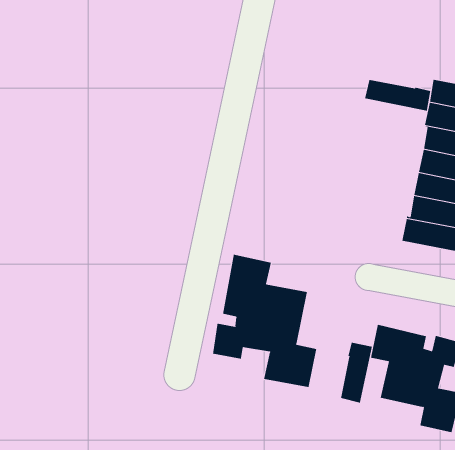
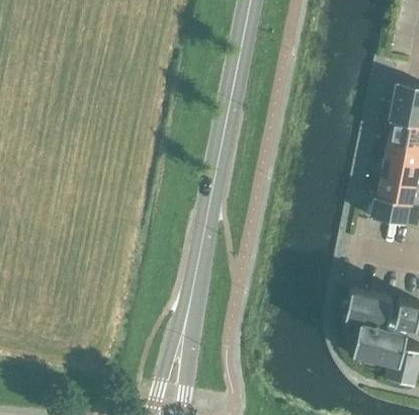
building: [364,79,431,111] -> none
building: [212,254,317,388] -> none
building: [341,342,373,404] -> none

